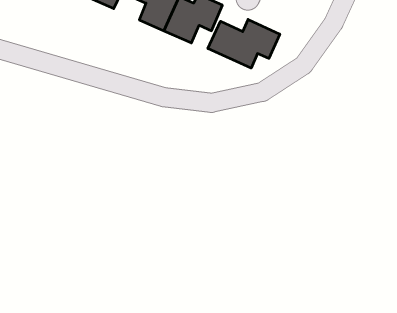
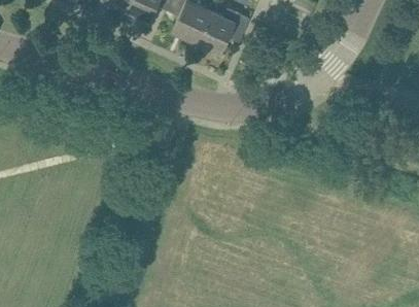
building: [208,19,280,68] -> none

